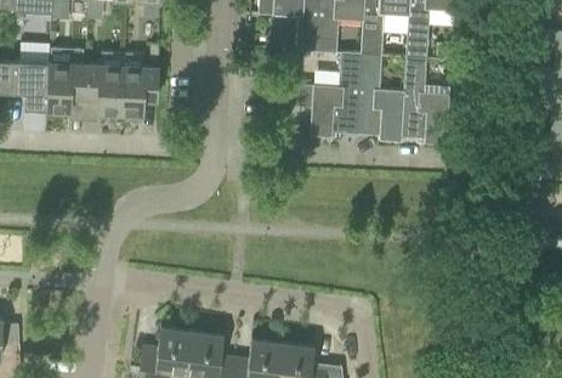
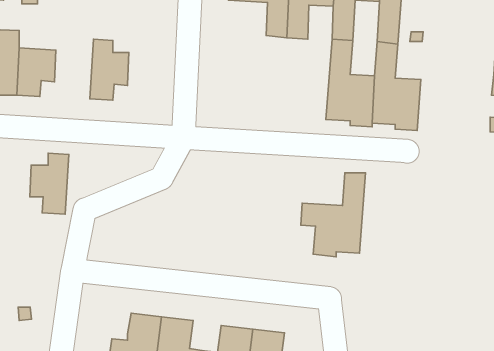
building: [85,52,124,113] -> [30,153,69,214]
building: [297,53,362,137] -> [301,173,365,257]

